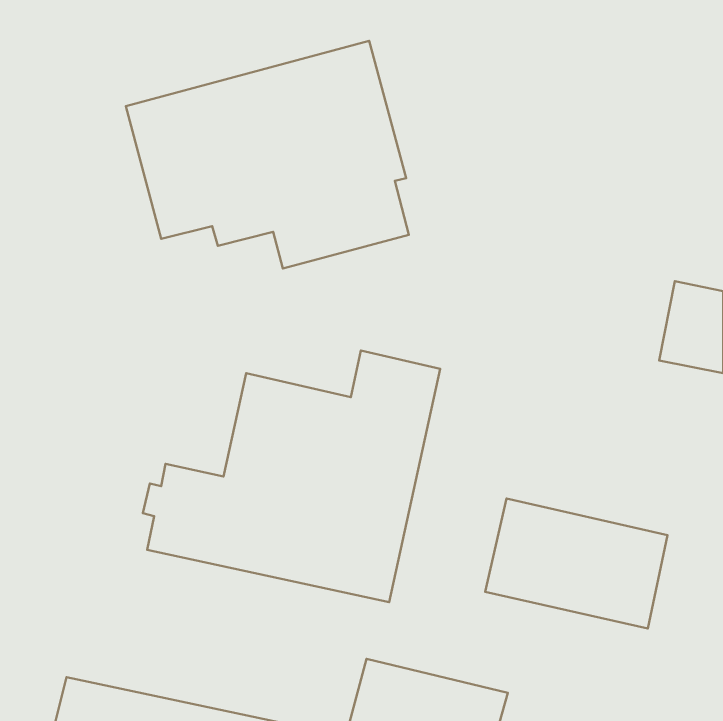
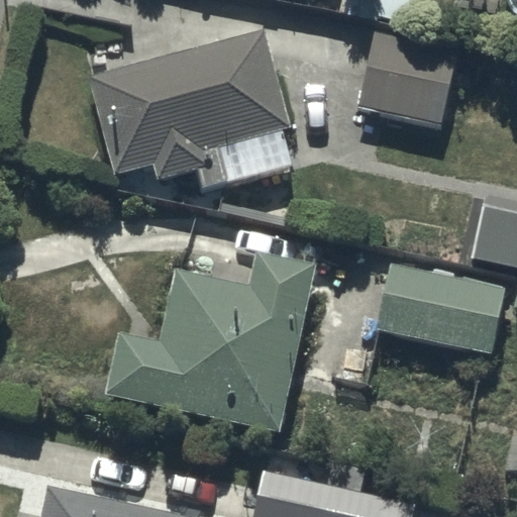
building: none -> [356,43,493,129]
building: [485,499,668,629] -> [376,261,506,353]

